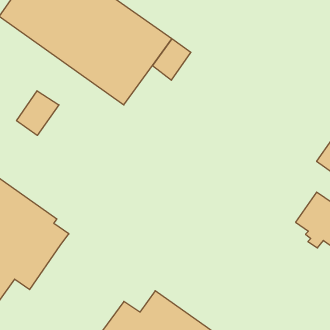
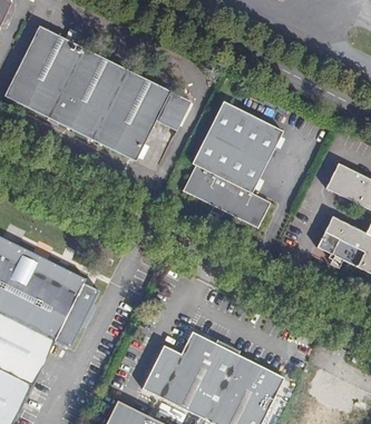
building: none -> [184,101,283,228]
building: [17,91,59,135] -> none

